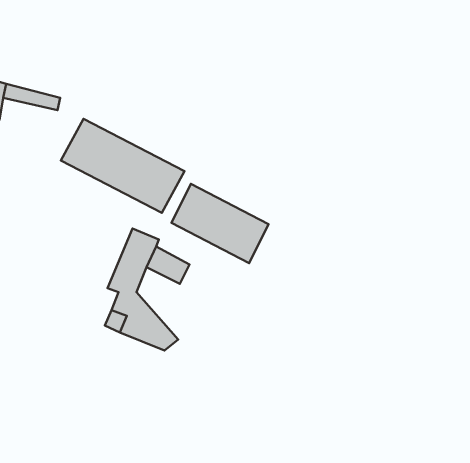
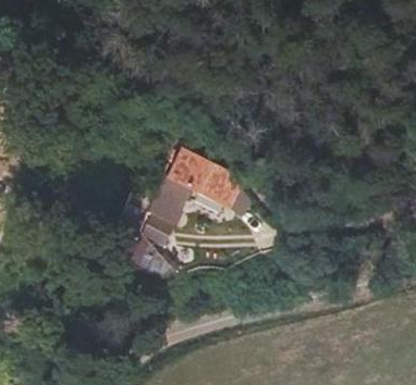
building: [61,119,184,213] -> none

